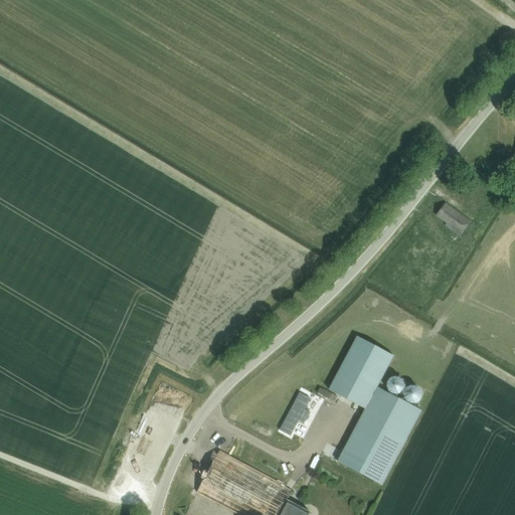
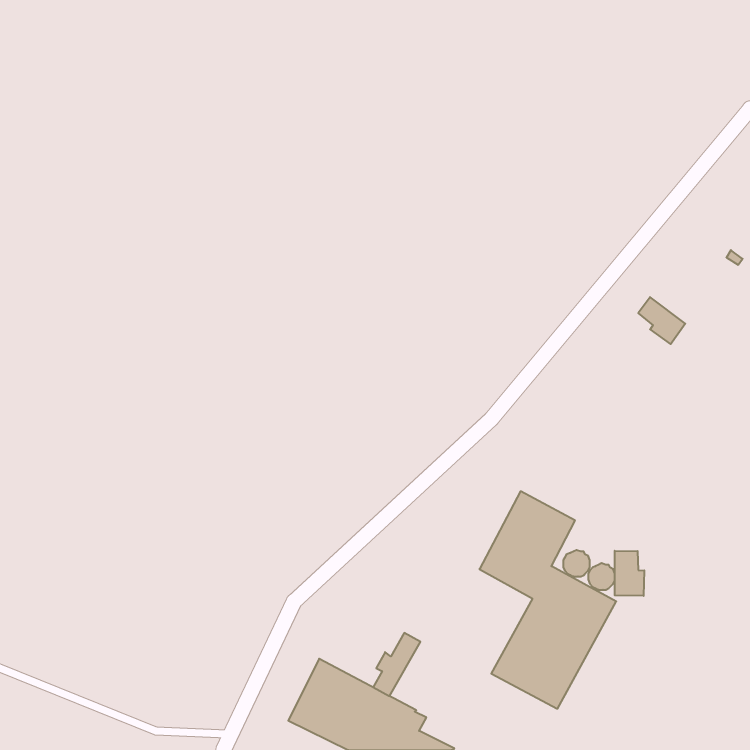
building: none -> [615,551,644,596]
building: [288,387,320,431] -> [373,633,420,696]

